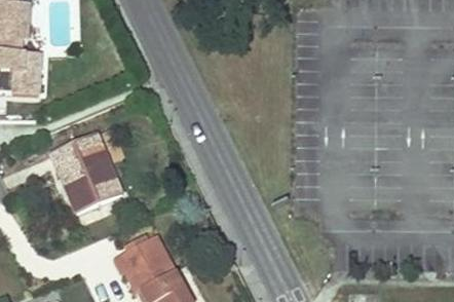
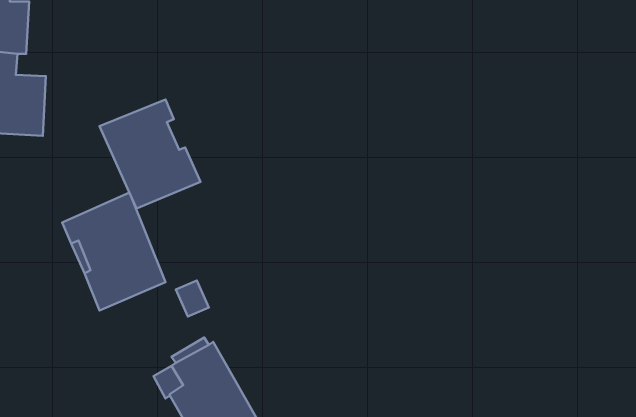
building: none -> [100,99,201,208]

